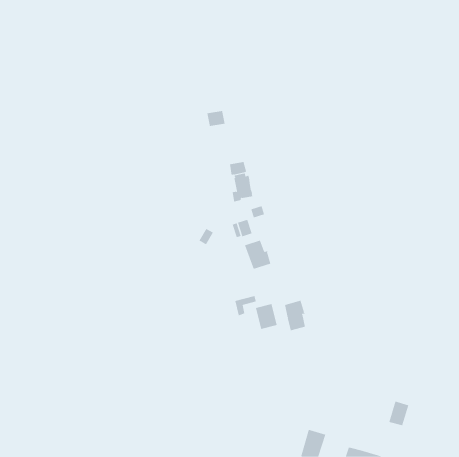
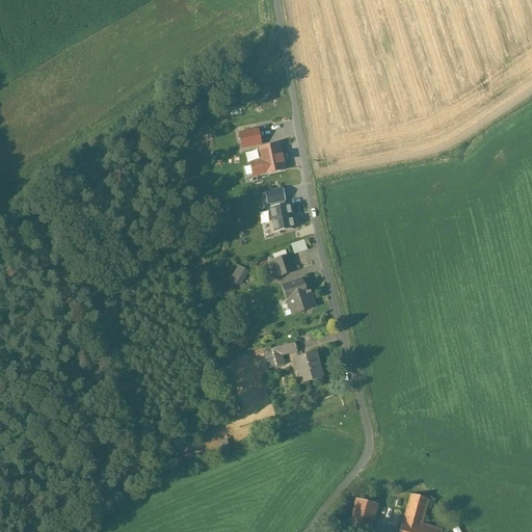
building: none -> [250,143,283,172]
building: [285,300,305,331] -> none
building: [388,401,409,426] -> [404,493,428,522]

